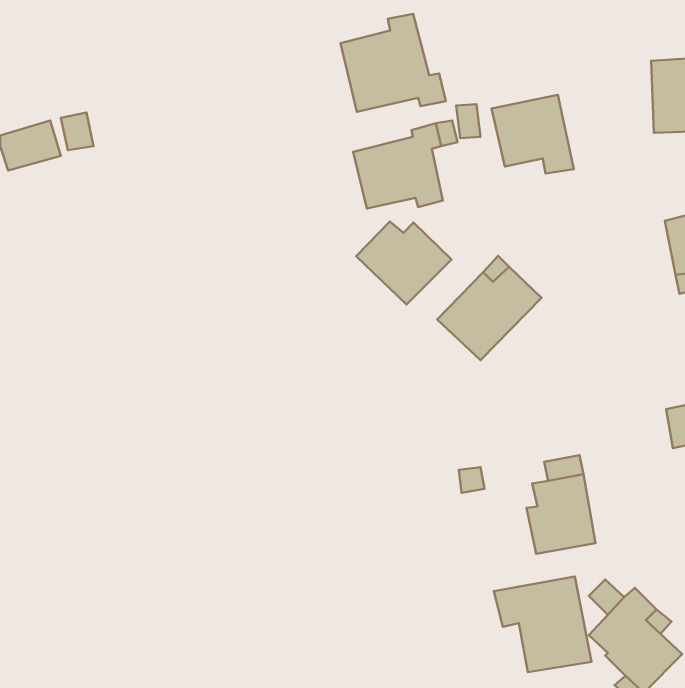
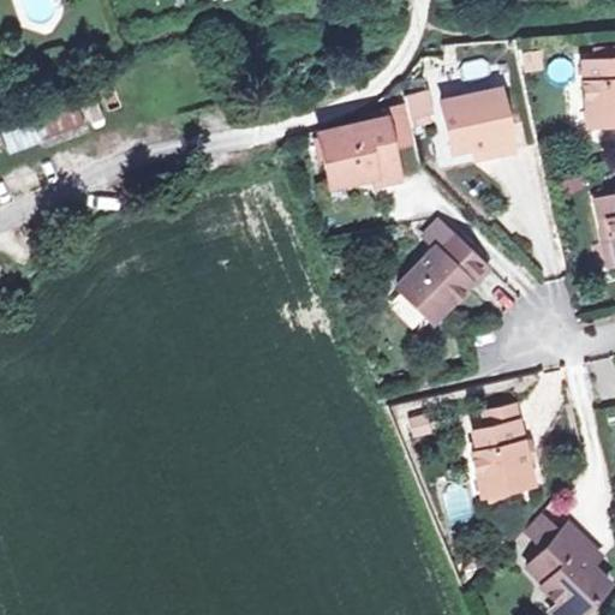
building: [341,14,446,112] -> none
building: [356,222,451,305] -> none
building: [494,576,591,672] -> none

